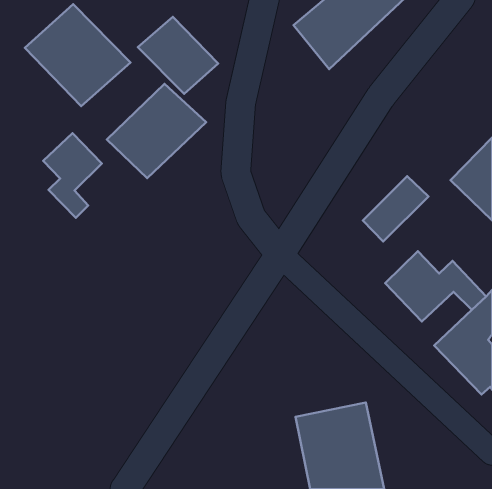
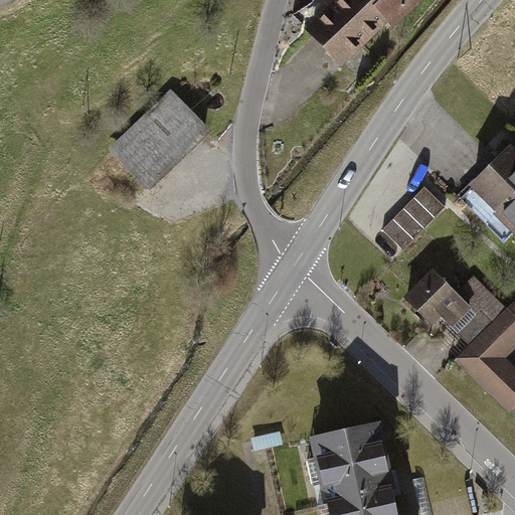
building: [25,4,131,106] -> none
building: [138,17,218,94] -> none
building: [43,133,102,218] -> none

